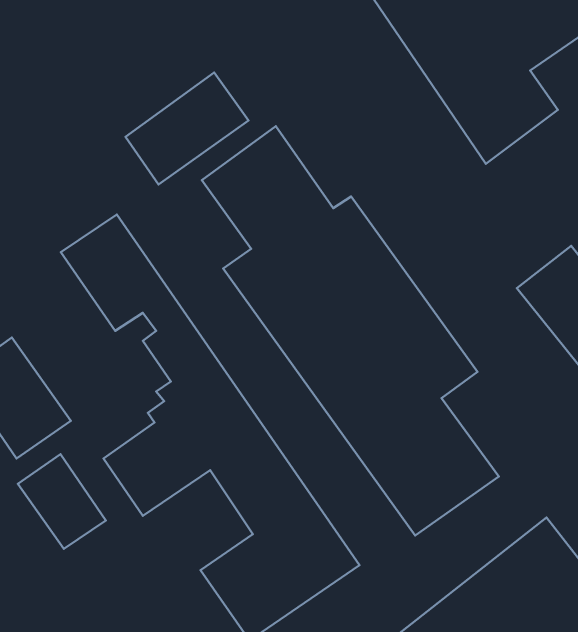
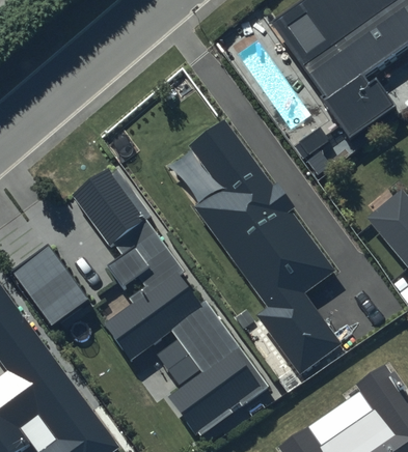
building: [126,72,249,184] -> none
building: [18,454,106,549] -> none

